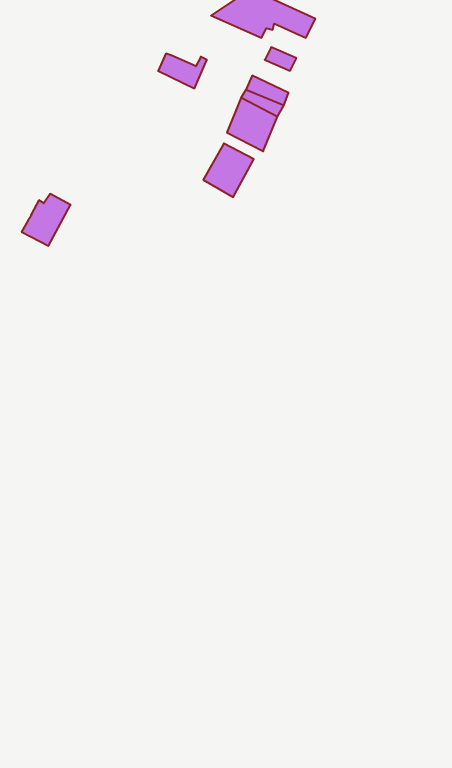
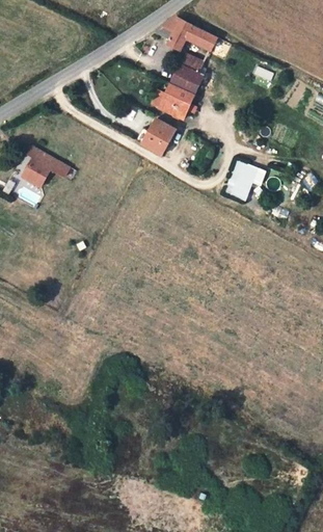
building: [158,54,207,88] -> [174,62,207,85]
building: none -> [223,159,266,202]

